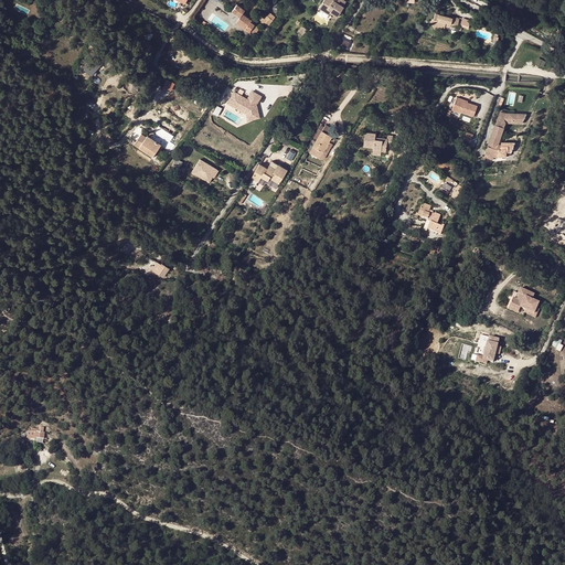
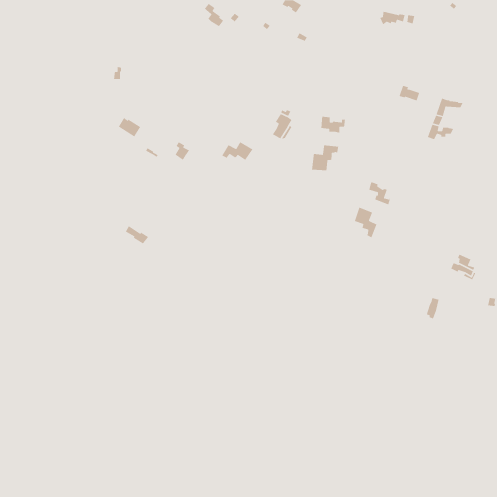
building: [230,89,260,117] -> none
building: none -> [311,145,339,171]
building: none -> [354,206,377,238]

